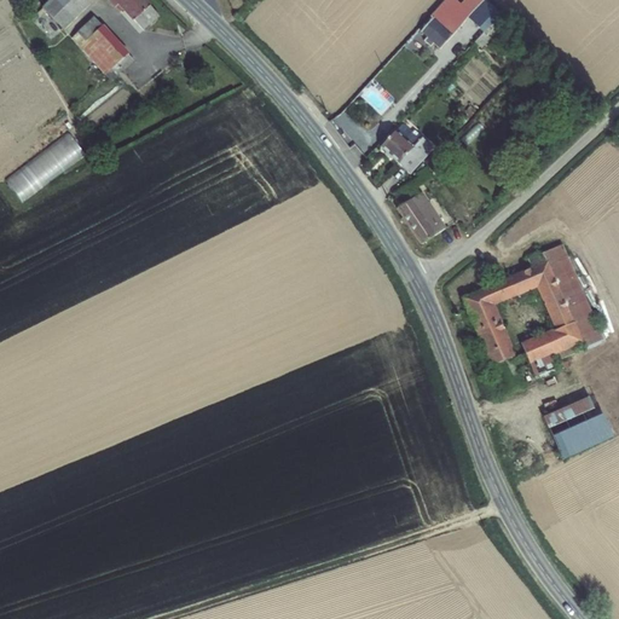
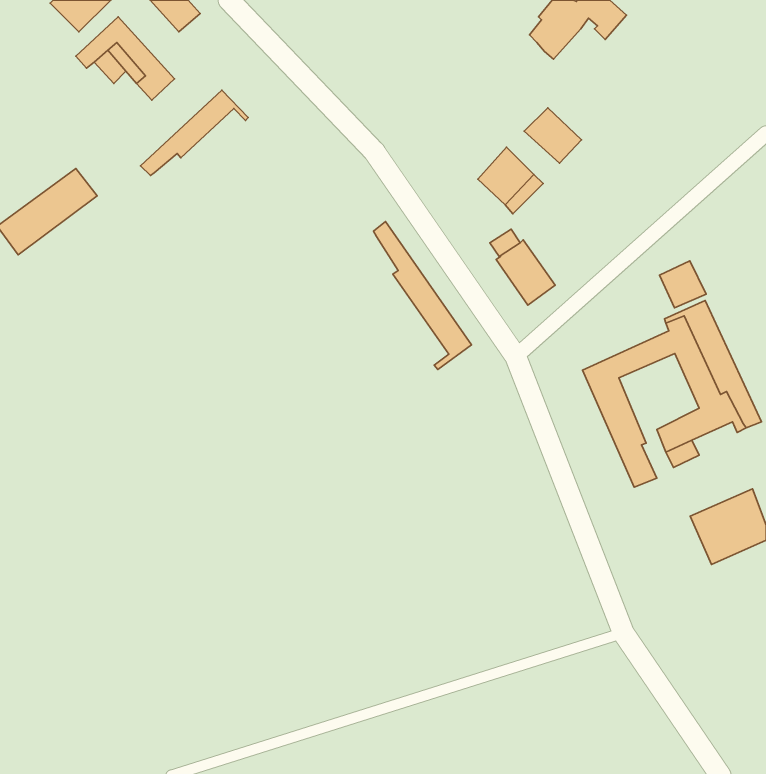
building: none -> [140,90,248,175]
building: none -> [524,108,581,163]
building: none -> [374,222,472,369]
building: none -> [659,261,706,308]

